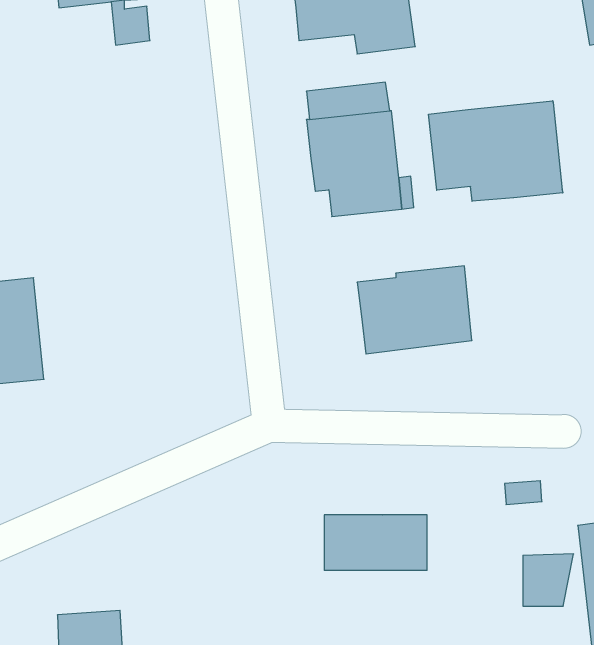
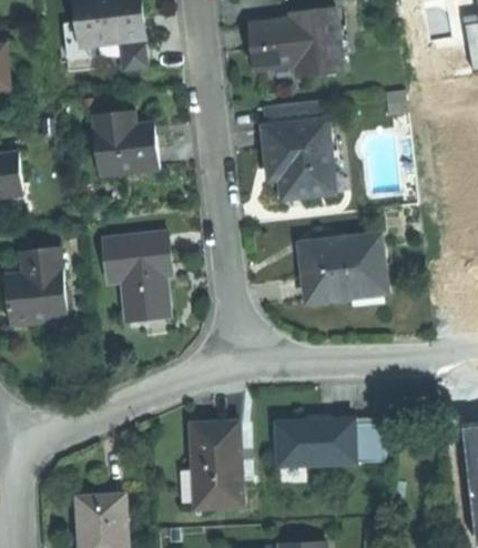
building: none -> [90,109,157,173]
building: [429,101,563,201] -> none
building: none -> [104,233,172,321]
building: none -> [192,420,243,506]
building: [523,554,574,606] -> [352,424,389,463]

